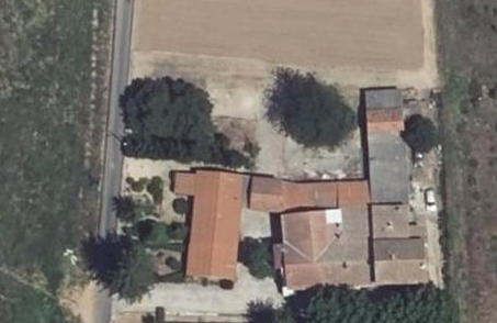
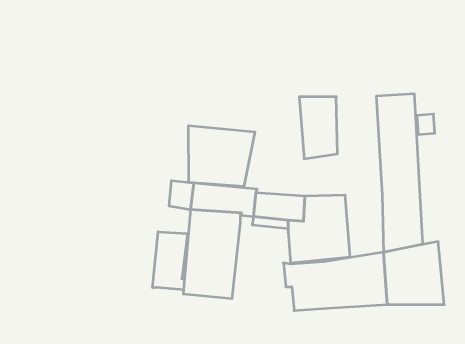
building: none -> [189,126,255,186]
building: [337,182,372,240] -> [299,97,337,159]
building: none -> [153,232,188,290]

